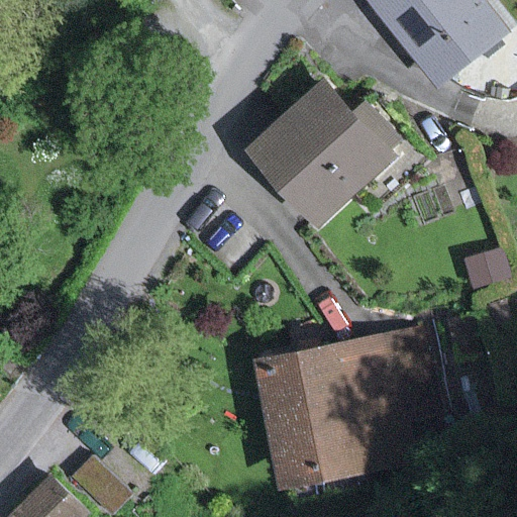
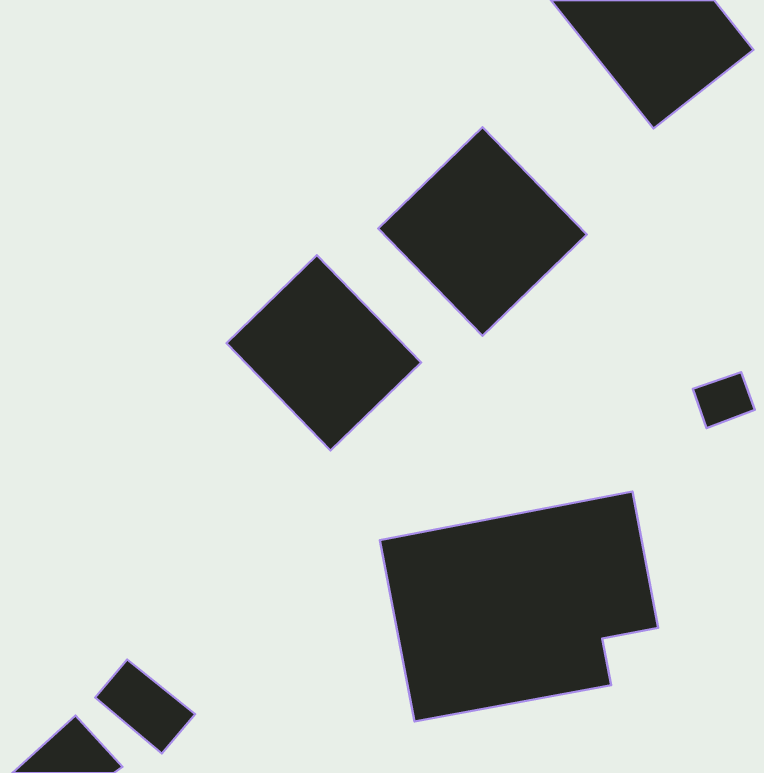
building: none -> [226,255,421,450]

